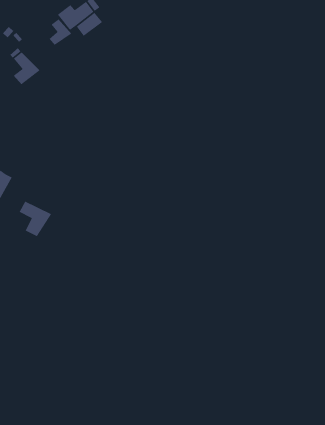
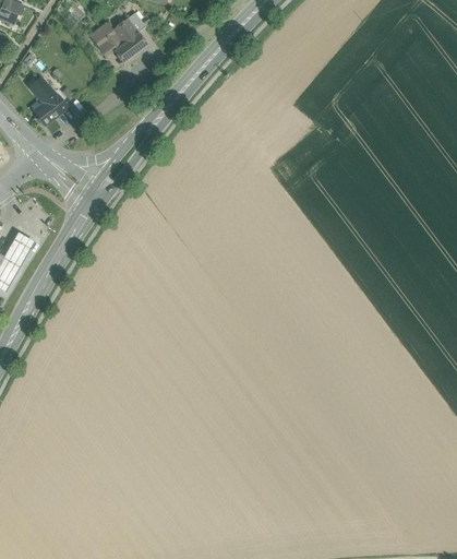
building: [48,18,72,46] -> none
building: [18,200,52,237] -> none

